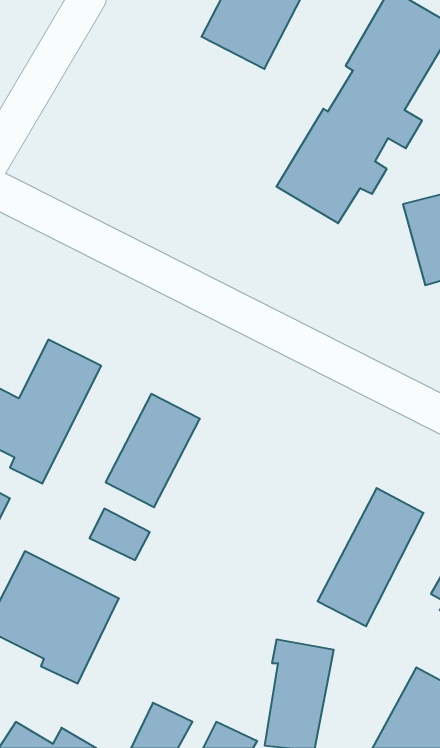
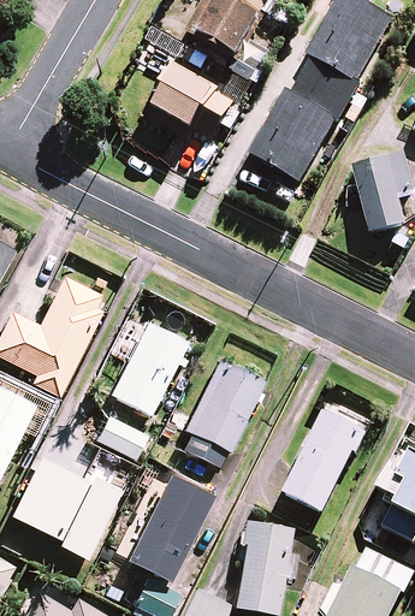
building: none -> [153,67,244,140]
building: none -> [184,361,265,468]
building: none -> [129,469,213,581]

